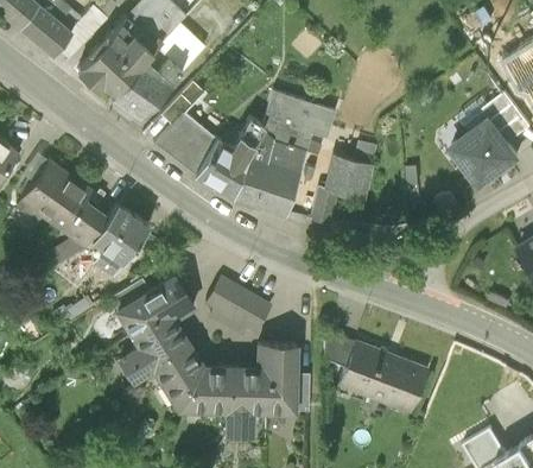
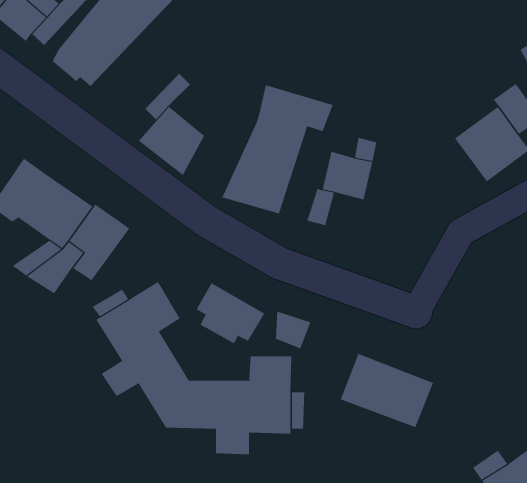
building: [112,25,205,116] -> none
building: [197,120,265,198] -> none
building: [325,331,358,367] -> [275,311,311,349]

